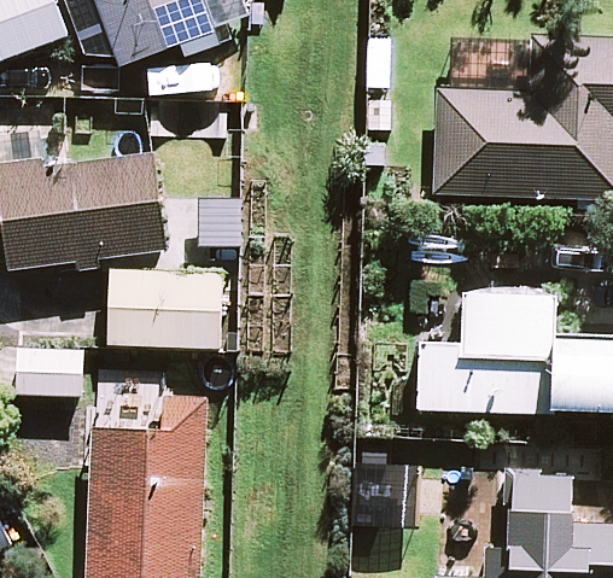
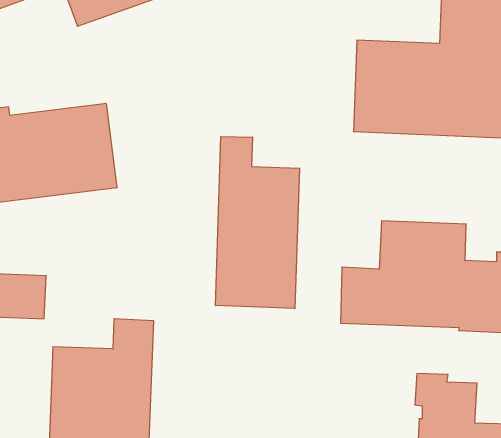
building: none -> [215,137,300,309]
building: [109,270,222,351] -> none

